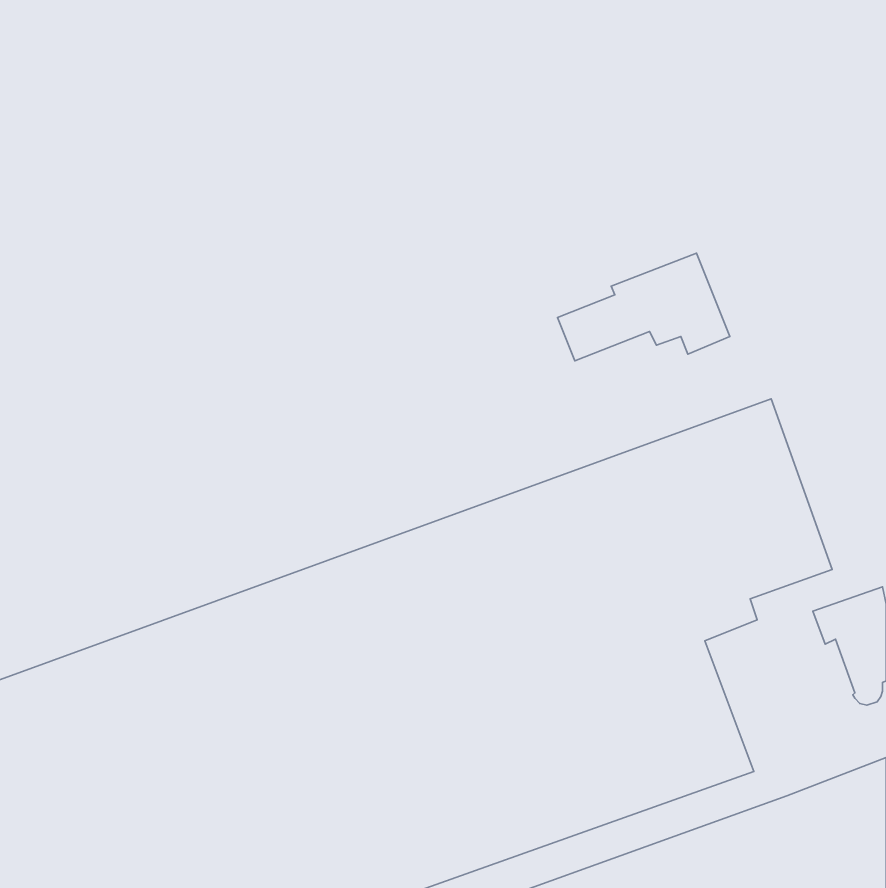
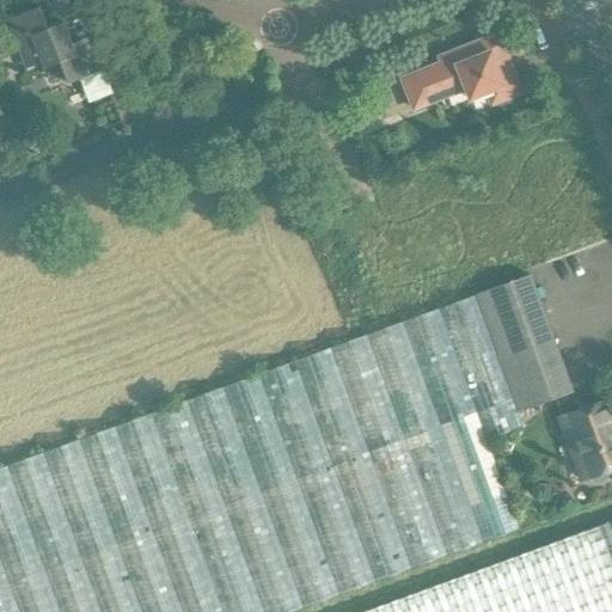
building: none -> [5,7,100,84]
building: [557,253,730,361] -> [400,36,519,110]

